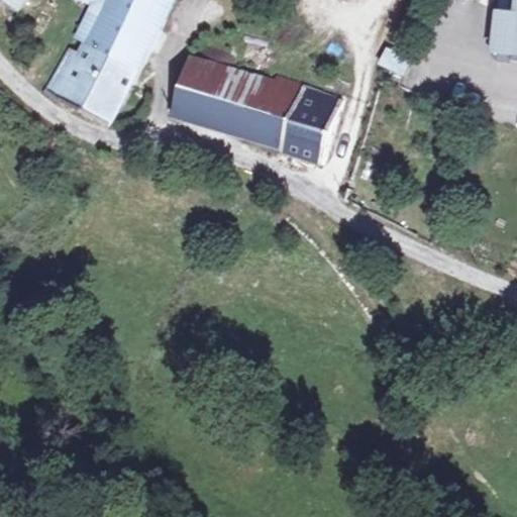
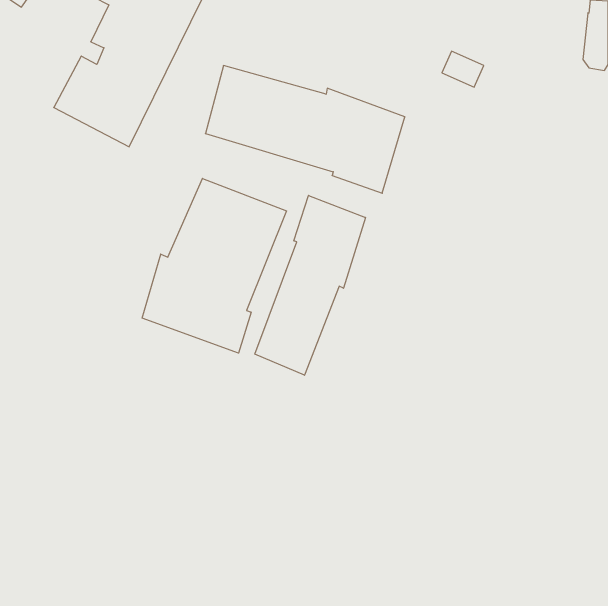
building: none -> [142,178,287,353]
building: none -> [255,195,365,375]

